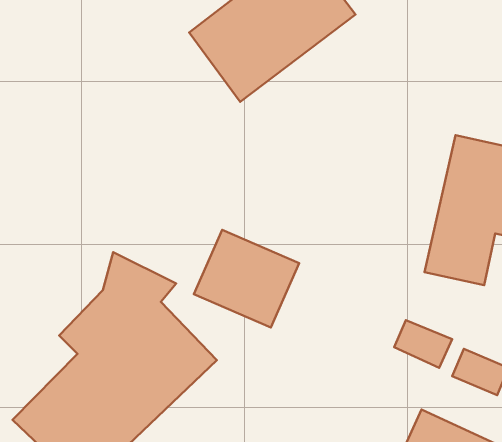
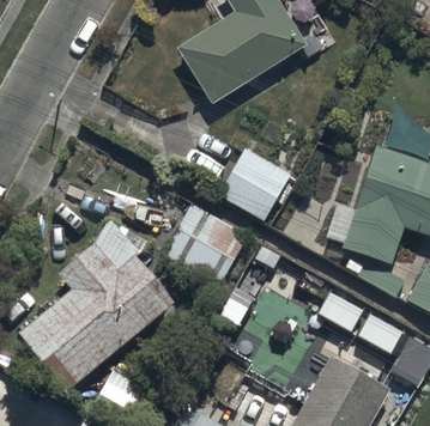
building: none -> [218,144,293,219]

